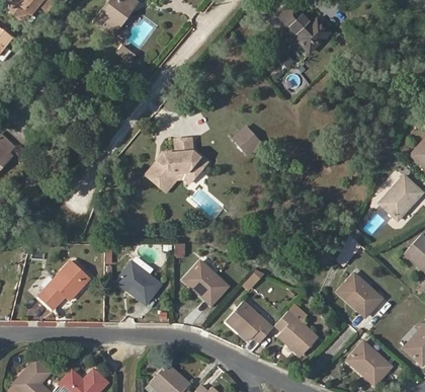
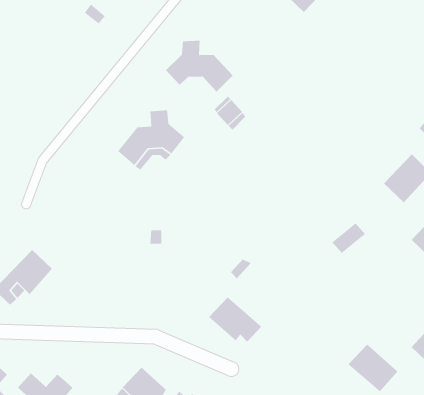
building: none -> [165,40,234,92]
building: [116,261,161,304] -> none
building: [183,261,227,306] -> none
building: [338,273,381,317] -> none
building: [275,312,318,357] -> none

